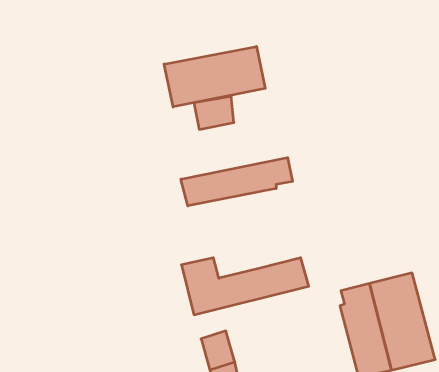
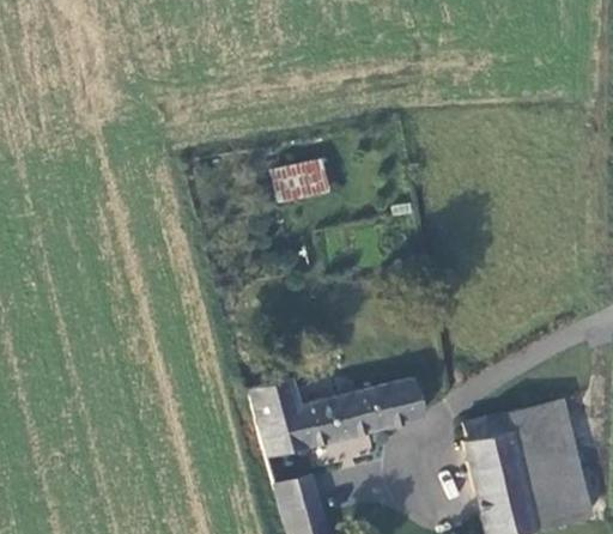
building: [164,46,265,107] -> none
building: [181,158,293,206] -> none

